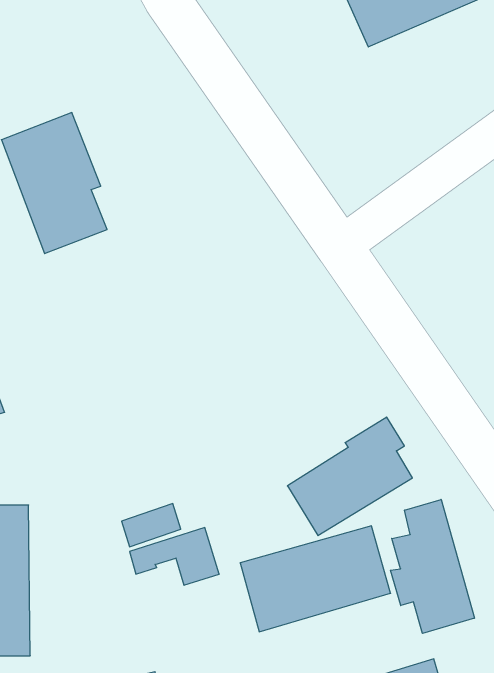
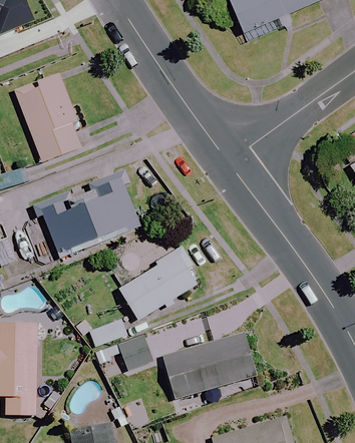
building: none -> [31,187,138,257]
building: [287,417,412,536] -> [118,245,197,319]
building: [390,499,474,633] -> none

